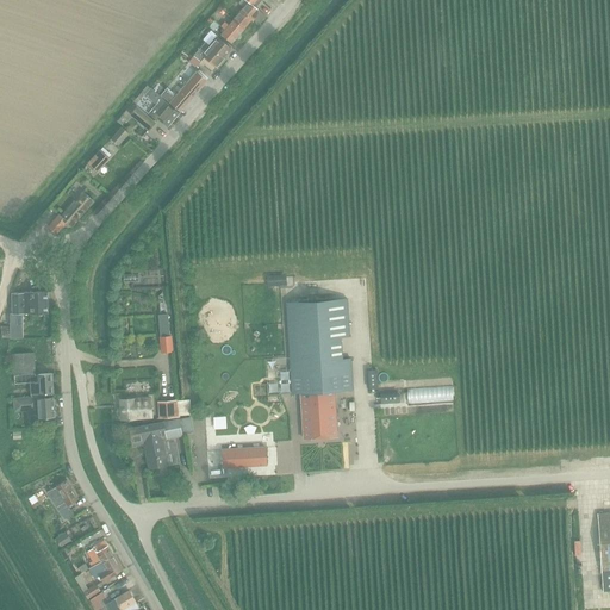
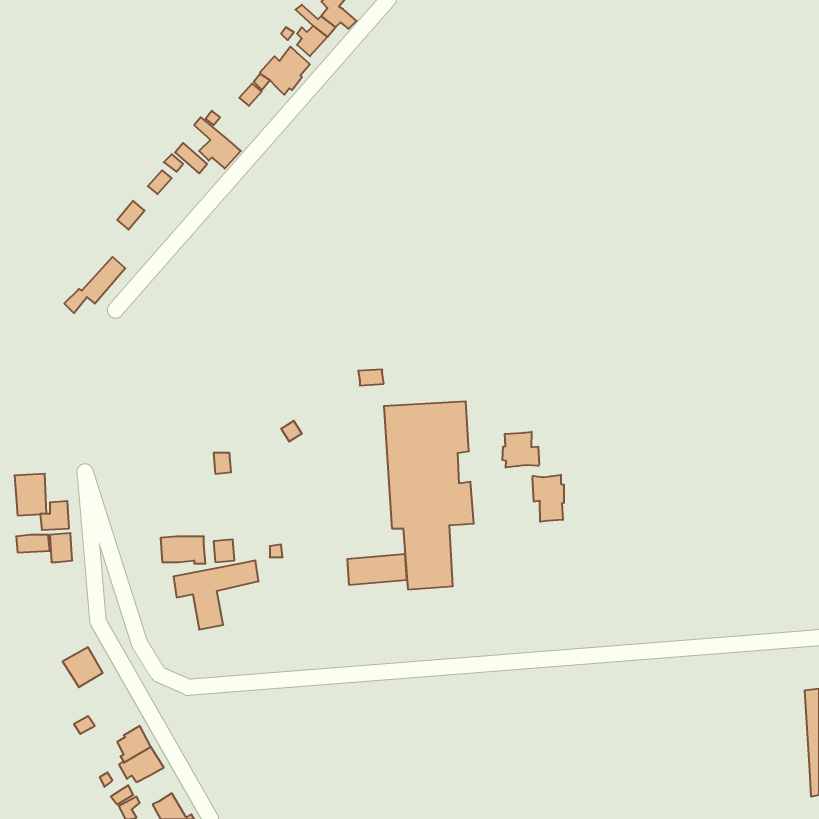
building: [161,70,206,111] -> none
building: [8,291,46,337] -> none
building: none -> [502,432,539,468]
building: none -> [532,475,564,522]
building: [222,446,266,468] -> [347,554,407,585]

